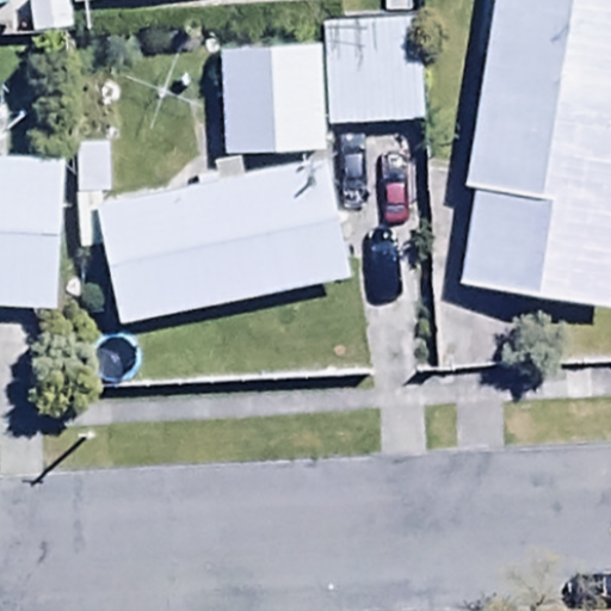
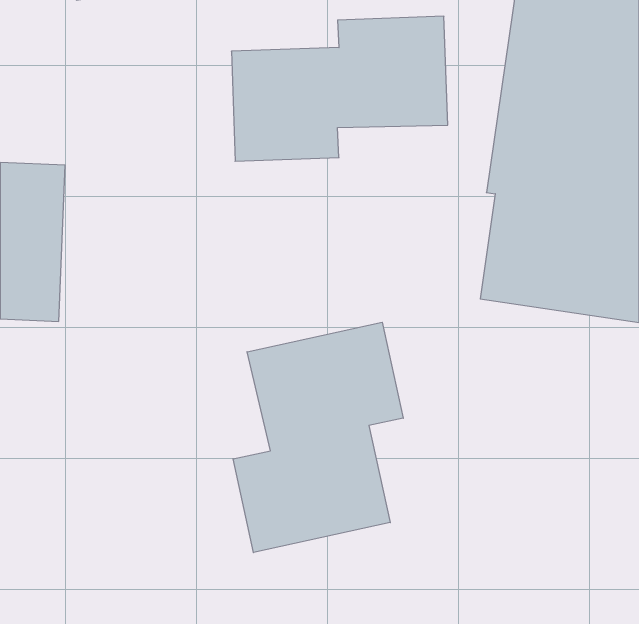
building: [97,155,350,325] -> none
building: none -> [233,322,403,553]

